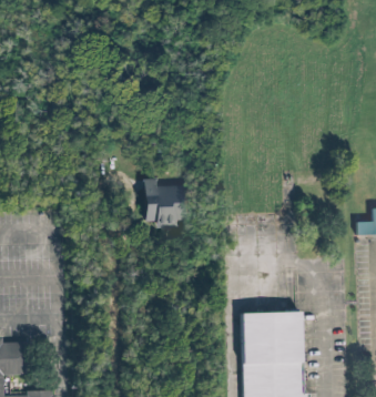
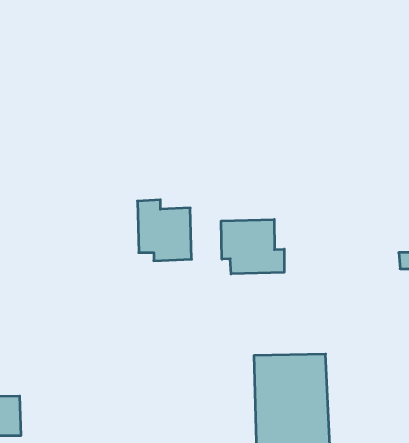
building: none -> [221,219,284,274]

